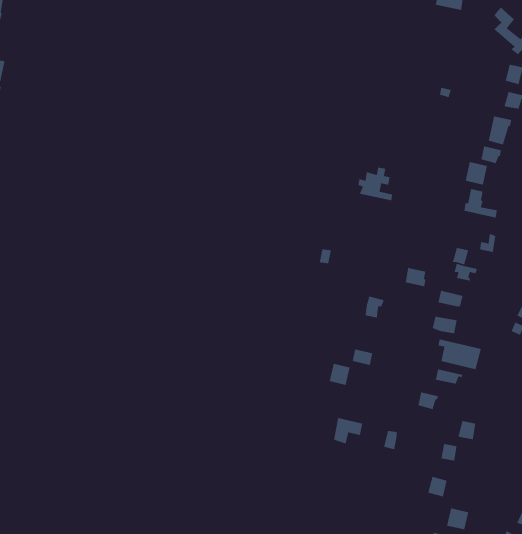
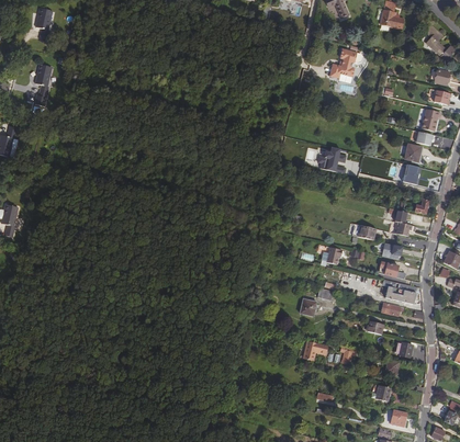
building: none -> [328,48,362,78]

